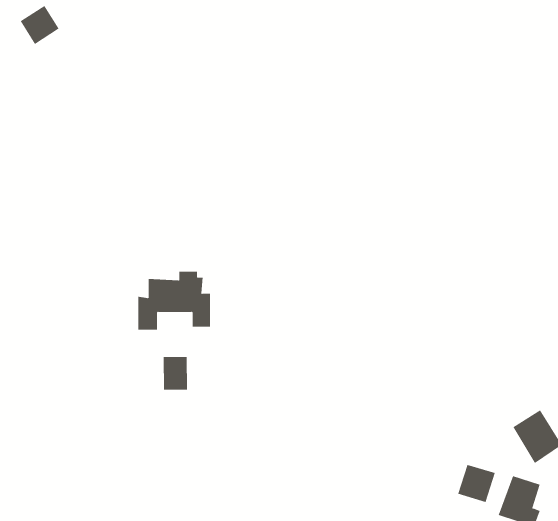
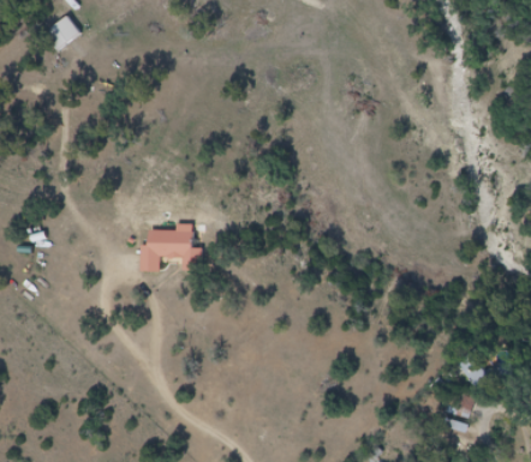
building: [163,356,187,390] -> none
building: [458,464,496,503] -> none

